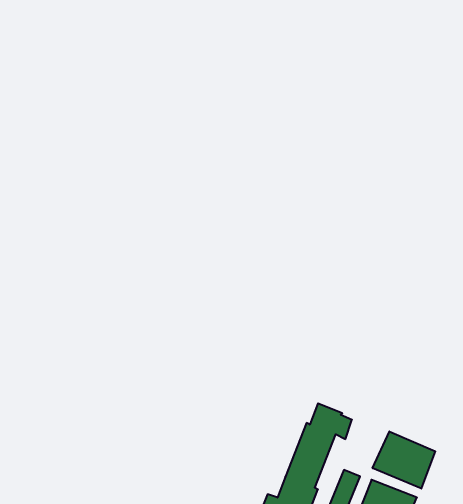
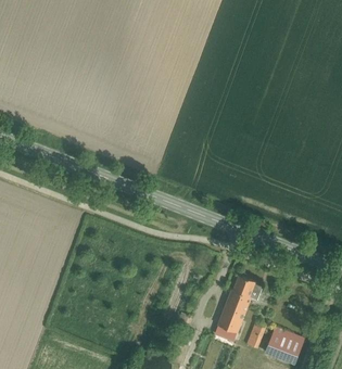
building: [373,431,435,489] -> none

